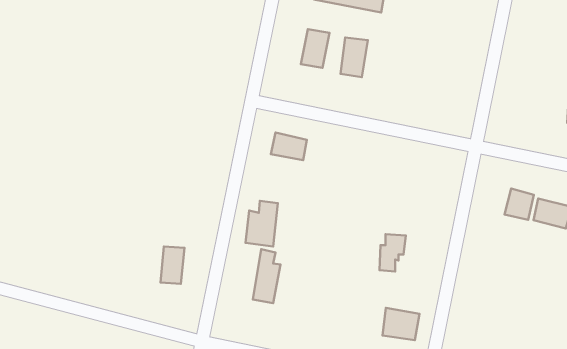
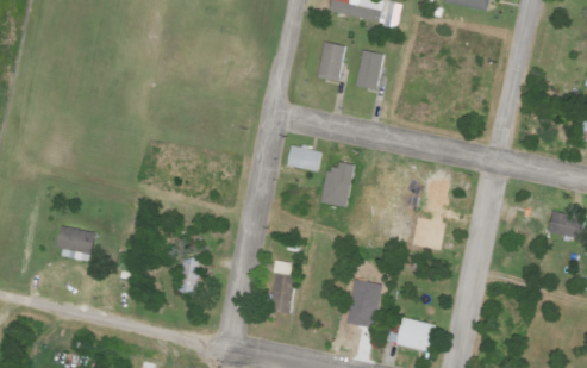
building: [505,189,534,220] -> none
building: [246,201,278,246] -> [320,161,352,206]
building: none -> [57,225,95,262]
building: [379,234,406,271] -> [350,283,376,320]

